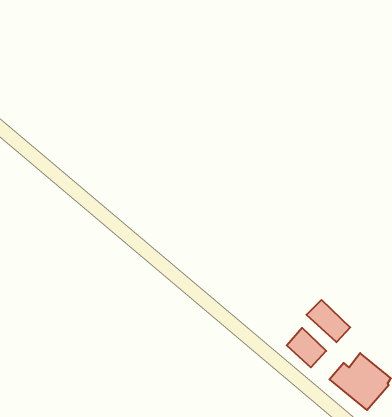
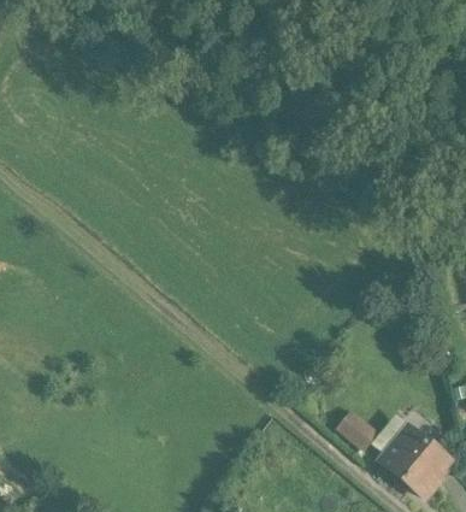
building: [306,300,350,342] -> none

